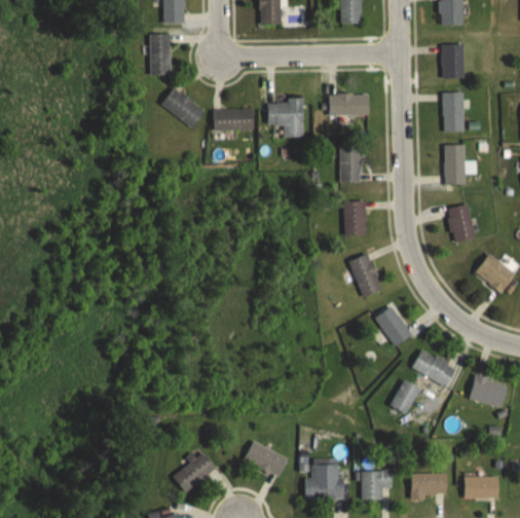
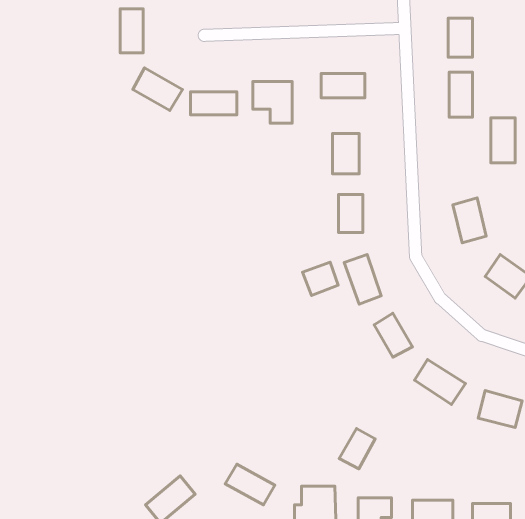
building: [444,145,466,185] -> [491,118,515,163]
building: none -> [303,262,338,295]
building: [388,378,420,414] -> [339,429,375,469]

